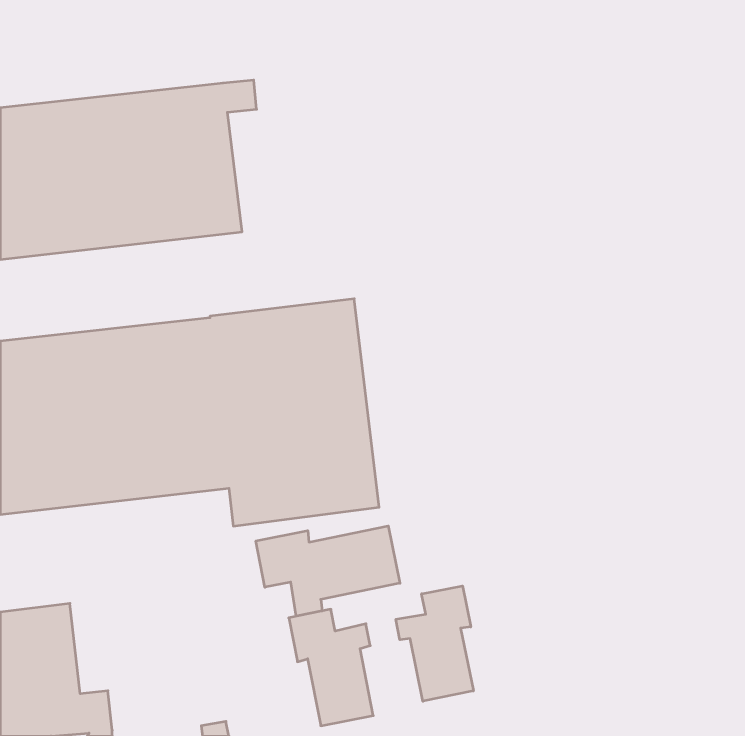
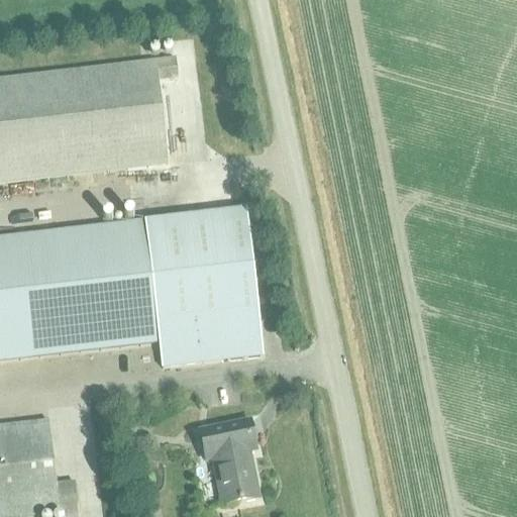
building: [256,526,400,616] -> none
building: [396,586,473,701] -> none

